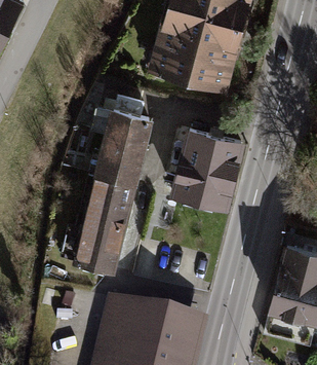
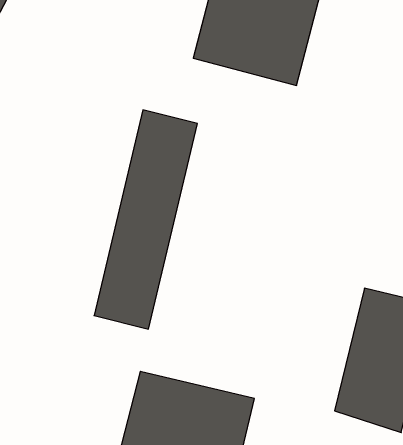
building: [172,122,247,207] -> none

